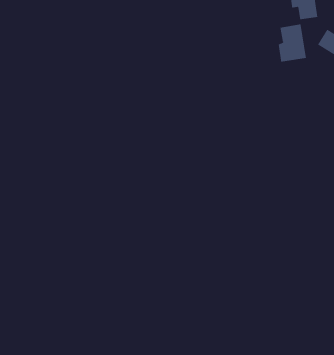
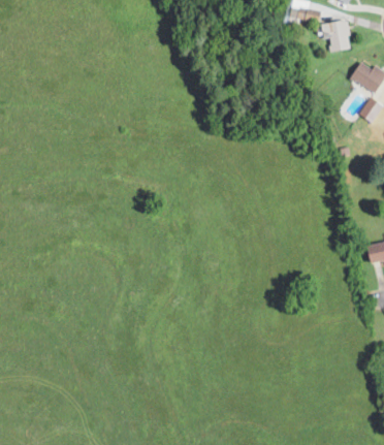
building: [278,24,307,63] -> none

